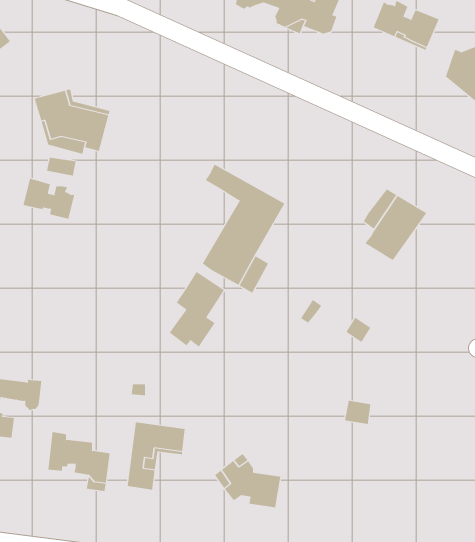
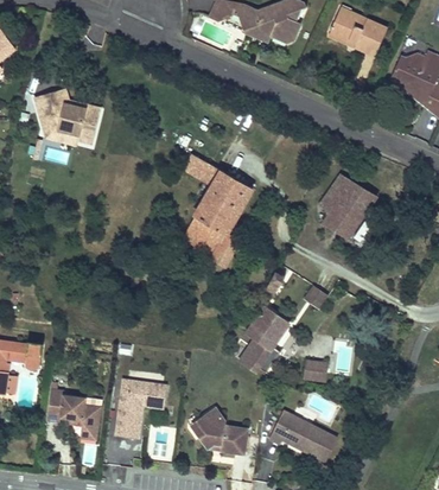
building: [23,178,75,220] -> none
building: [169,271,225,348] -> [240,306,288,373]
building: none -> [269,411,338,459]

